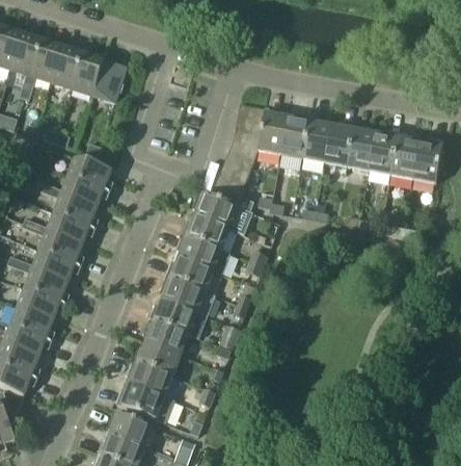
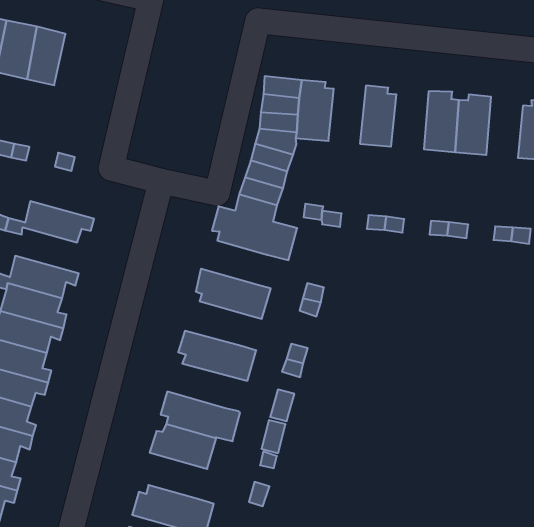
building: [91,60,127,103] -> none
building: [280,114,310,158] -> none
building: [324,123,354,166] -> none
building: [390,134,419,179] -> none
building: [66,156,113,192] -> none
building: [52,193,99,230] -> none
building: [182,216,229,251] -> none
building: [166,258,213,292] -> none
building: [150,301,207,338] -> none
building: [127,361,172,397] -> none

